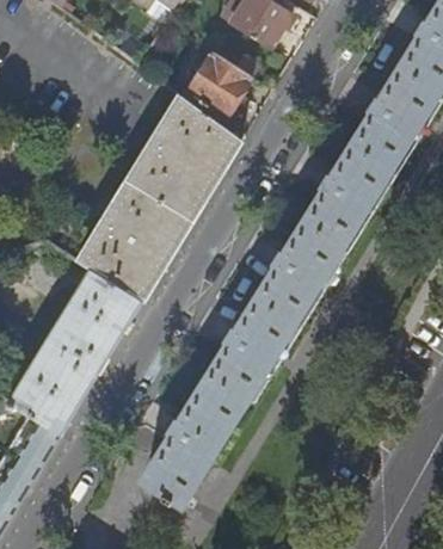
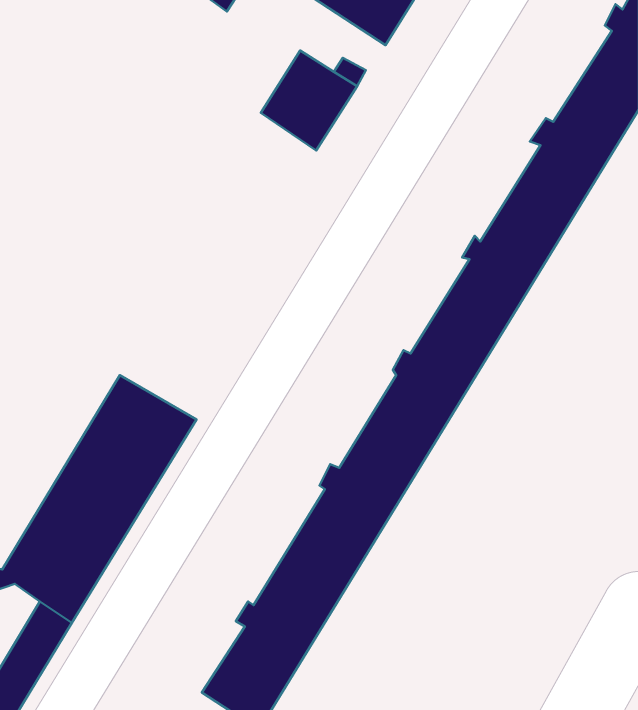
building: [79,95,239,297] -> none

